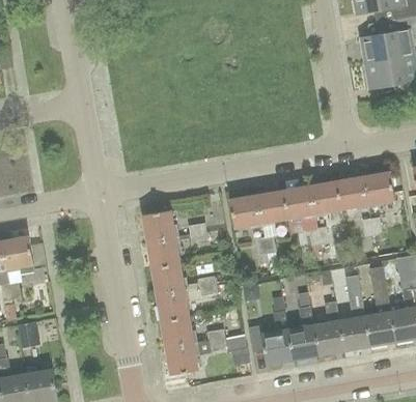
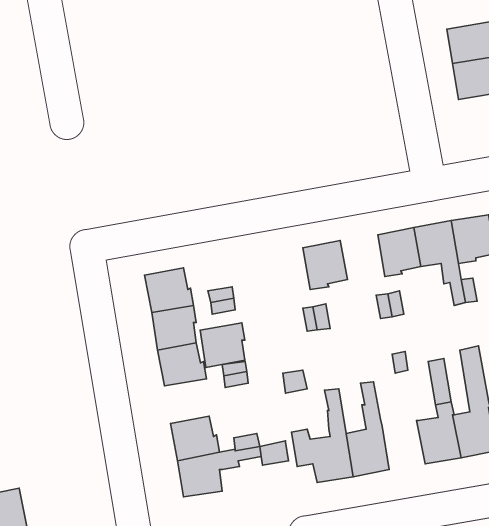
building: [283,186,315,219] -> none
building: [229,196,261,228] -> none
building: [313,288,344,355] -> none
building: [157,290,189,322] -> [200,323,245,367]

